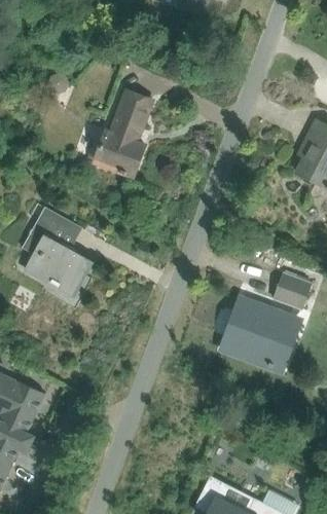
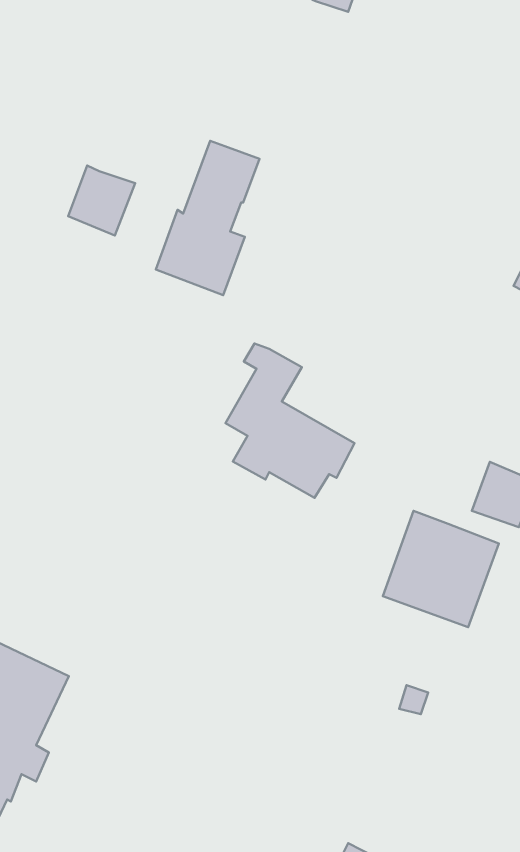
building: none -> [68,165,135,236]
building: [21,204,94,291] -> [226,343,354,498]

